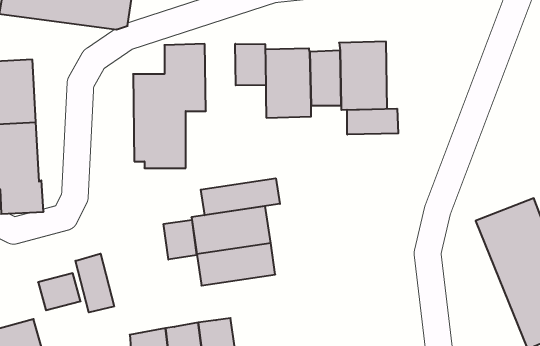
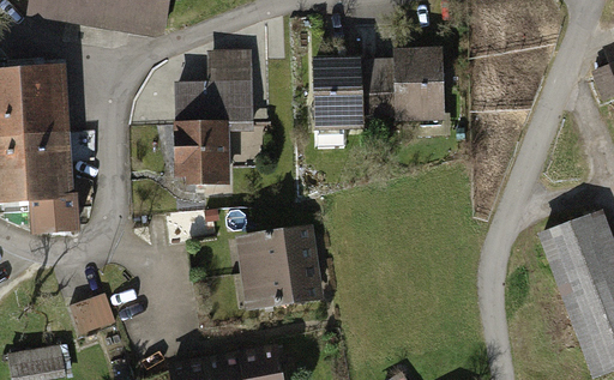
building: [235,44,266,86] -> none
building: [347,109,398,135] -> none
building: [201,178,280,215] -> none
building: [164,220,197,260] -> none
building: [75,254,114,312] -> none

